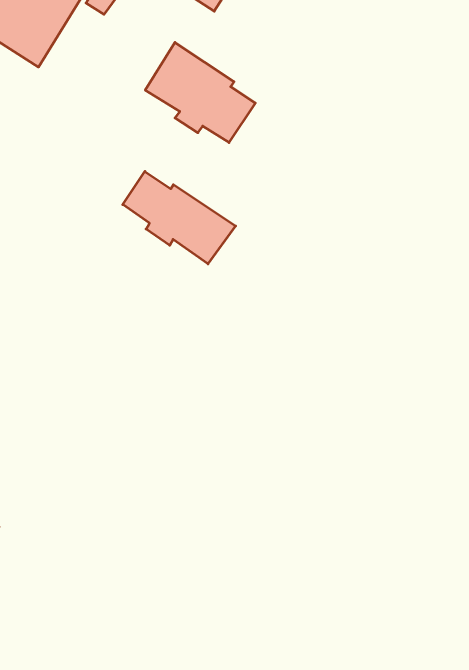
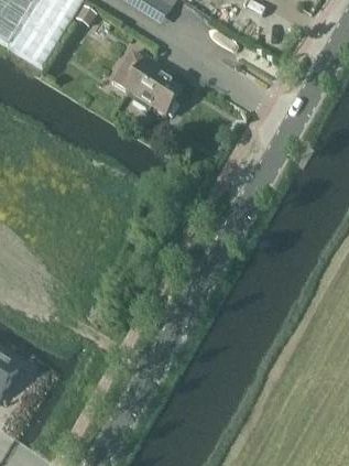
building: [123,171,236,264] -> none

